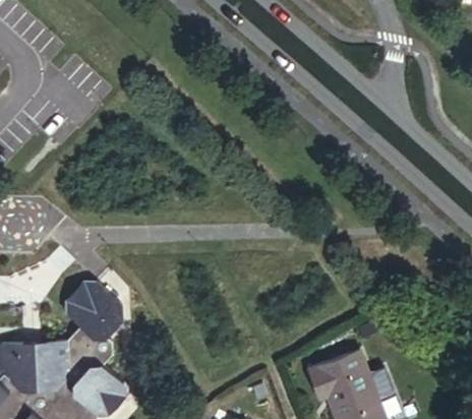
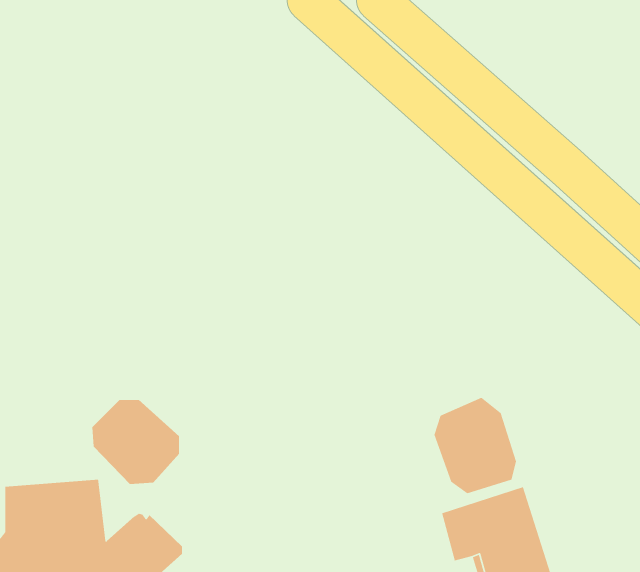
building: none -> [434,397,517,494]

